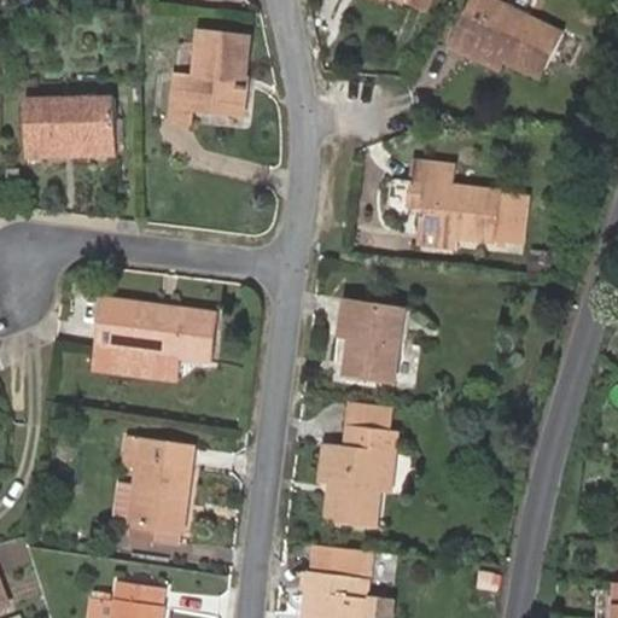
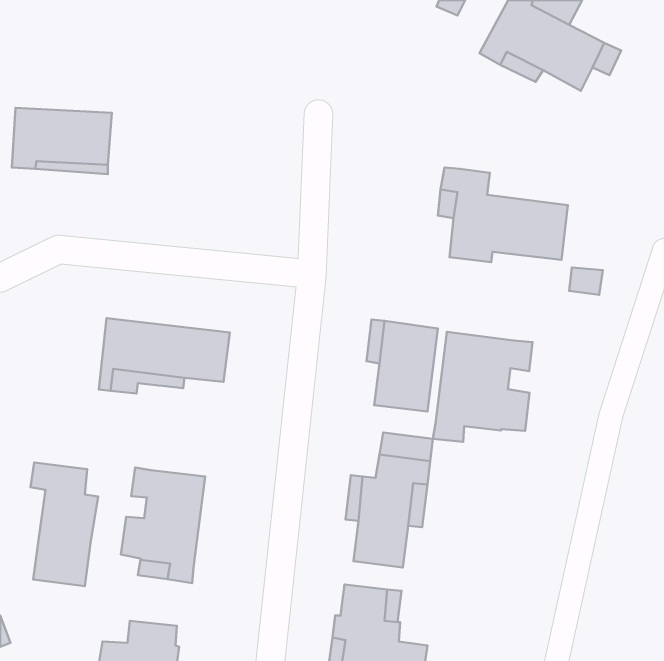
building: [162,24,238,115] -> none
building: none -> [433,332,533,442]
building: none -> [31,462,98,586]

